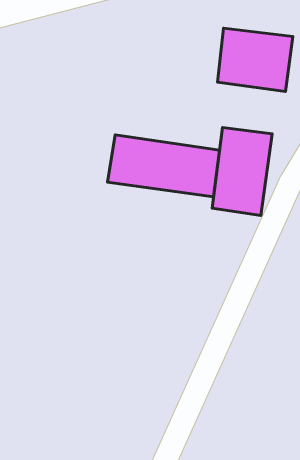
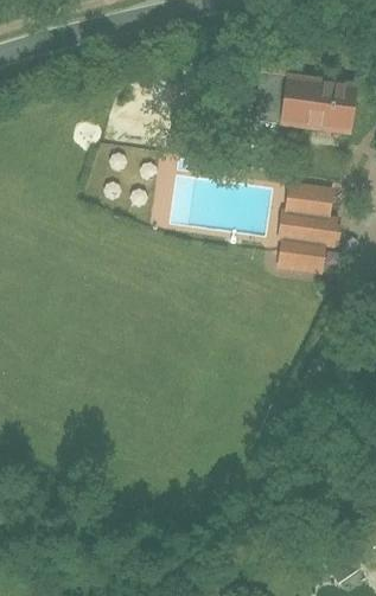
building: [108,135,219,197] -> none

